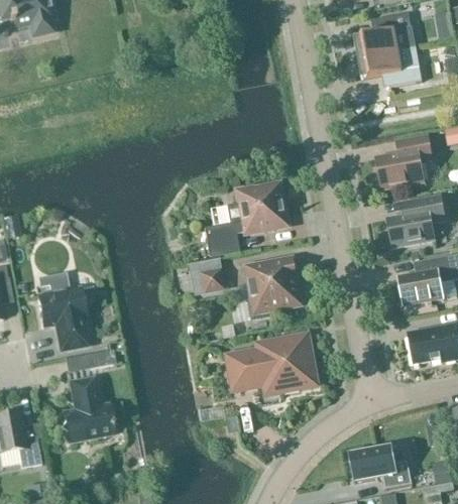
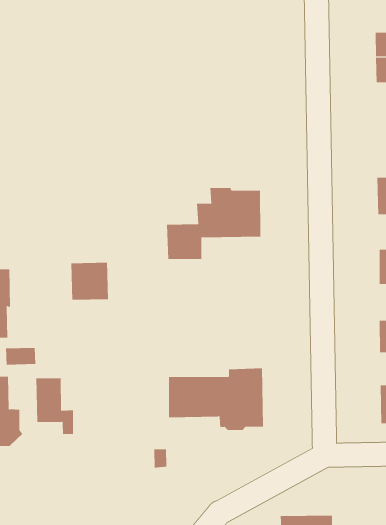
building: [247,256,303,317] -> none
building: [190,257,227,294] -> [71,262,109,300]
building: none -> [36,377,74,435]

